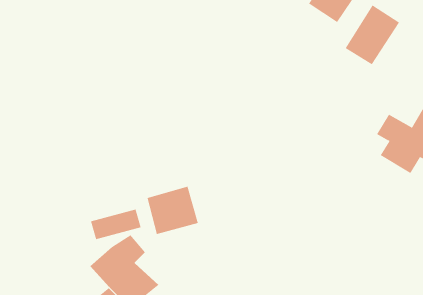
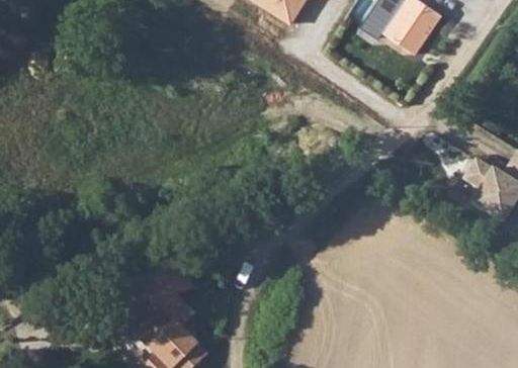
building: [345,5,400,65] -> none
building: [147,186,199,235] -> none

